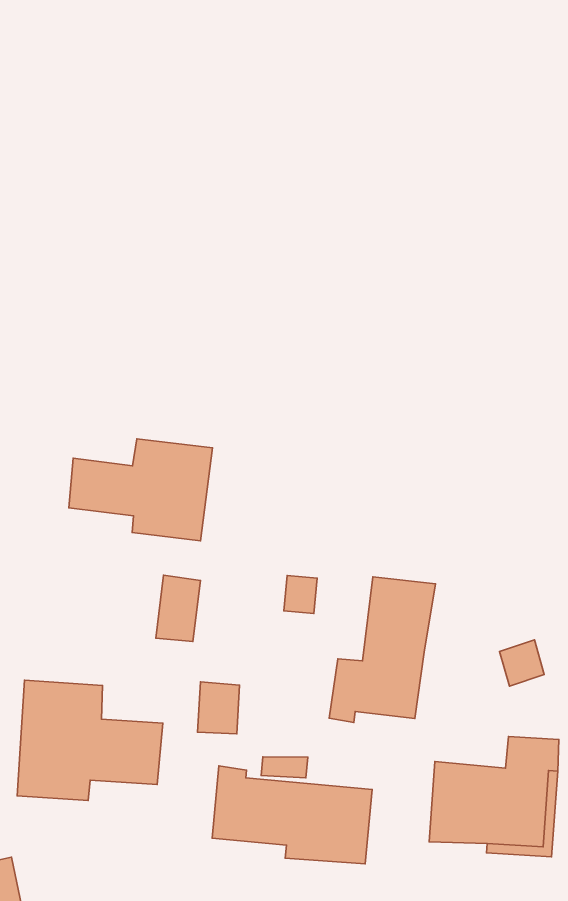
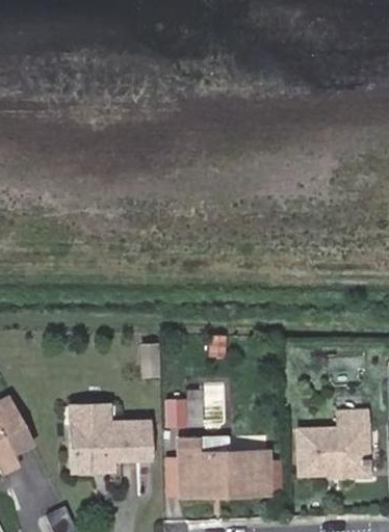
building: [69,439,213,541] -> none
building: [329,577,435,722] -> none

